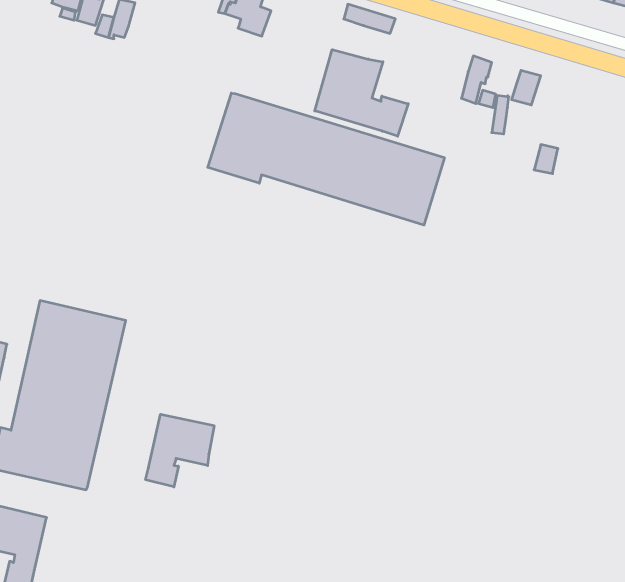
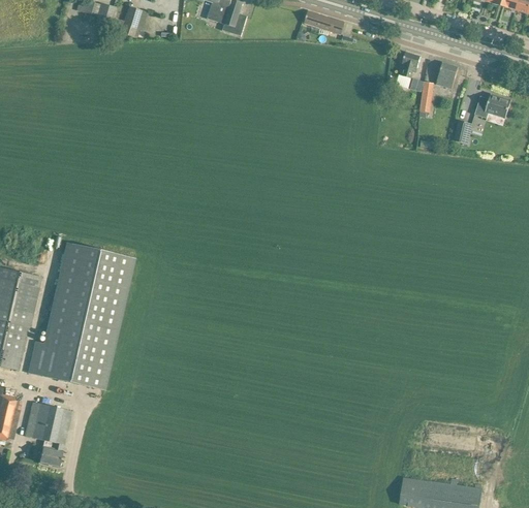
building: [315,50,408,136] -> none
building: [208,93,444,225] -> none
building: none -> [472,92,509,118]
building: [146,414,214,487] -> none

